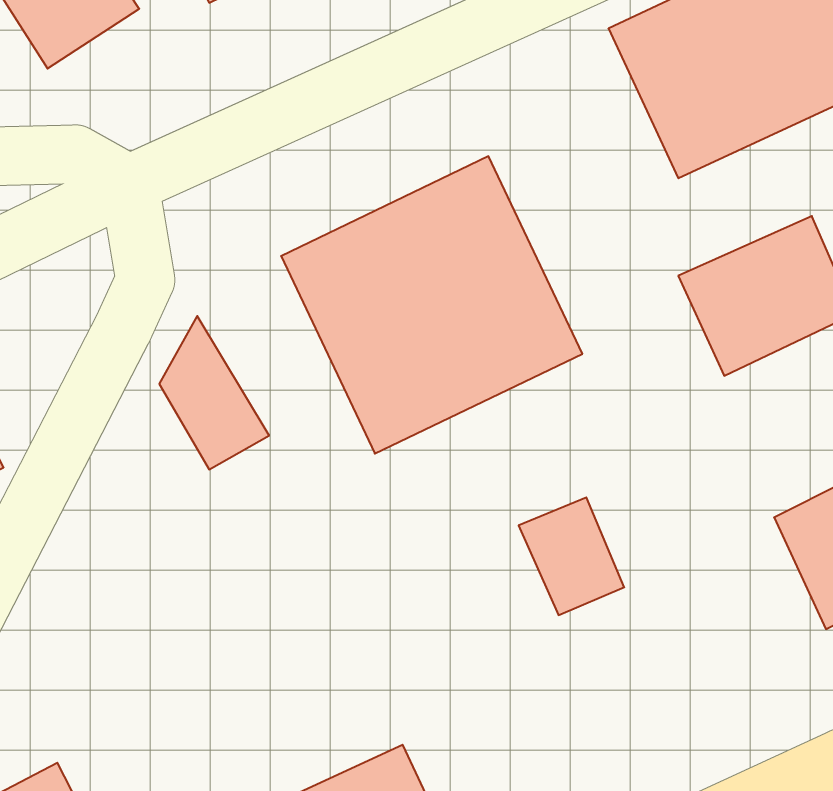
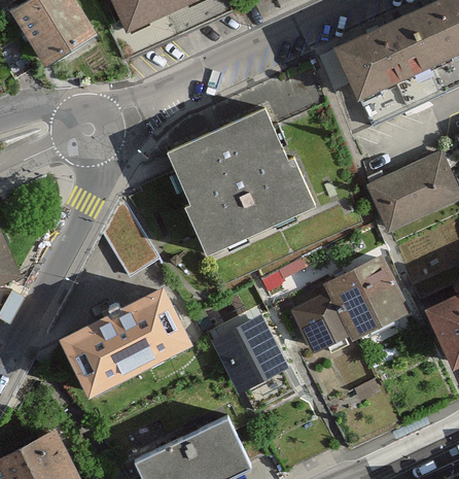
building: none -> [319,255,405,337]
building: none -> [63,296,184,394]
building: none -> [212,315,287,392]

